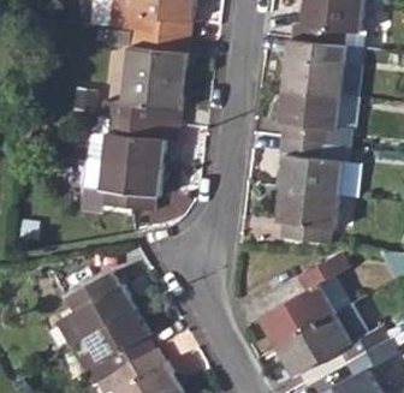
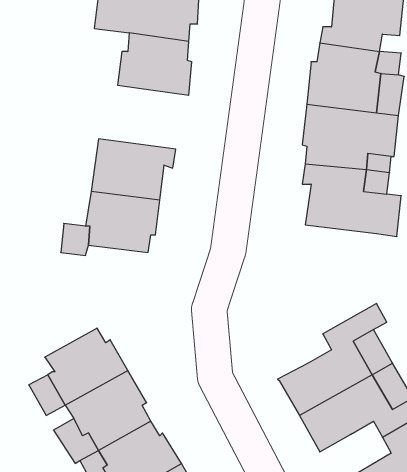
building: [111,72,185,125] -> none
building: [277,187,340,243] -> none

